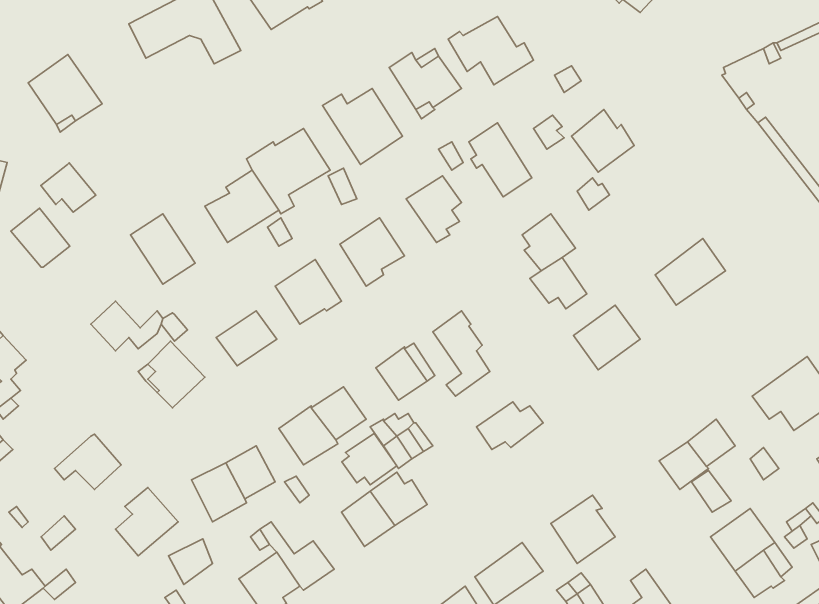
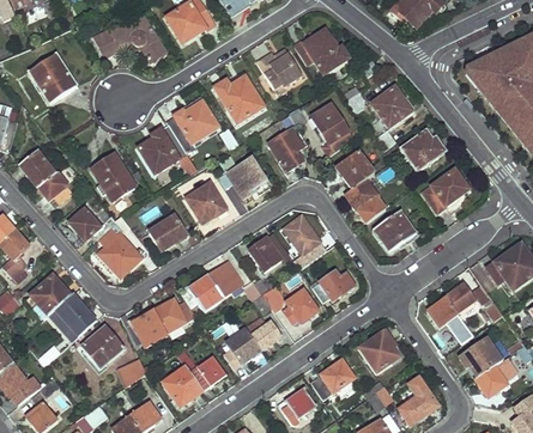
building: [41,163,96,212] -> [38,172,73,203]
building: none -> [401,128,444,170]
building: none -> [29,278,68,313]
building: [342,433,397,485] -> [283,291,317,323]

